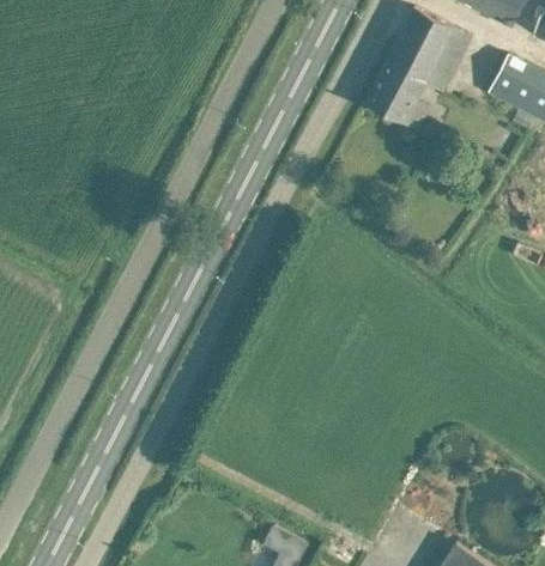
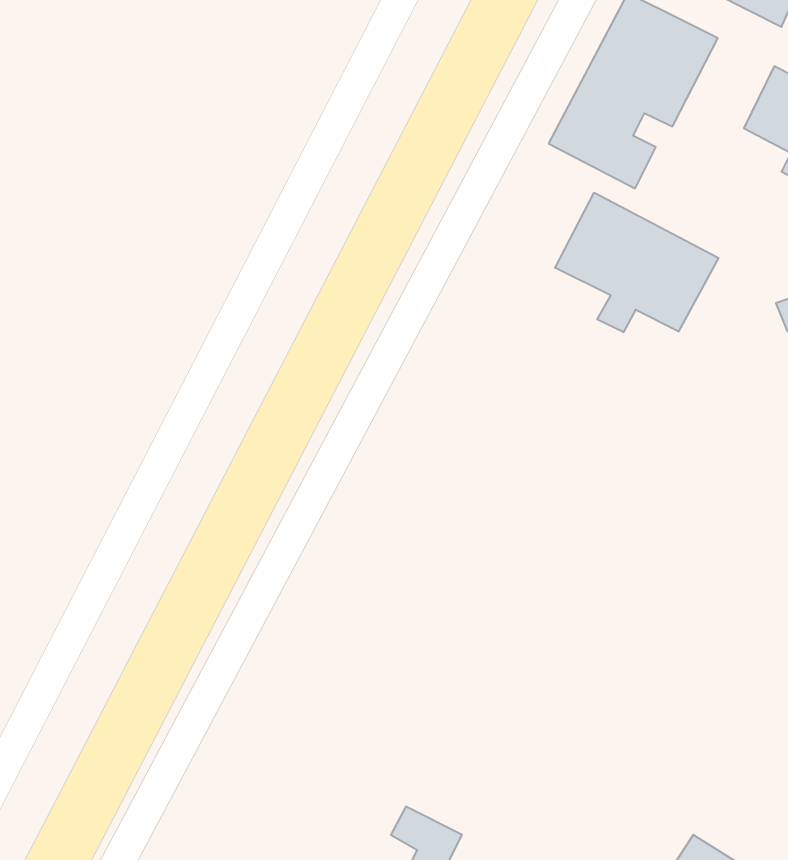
building: none -> [555,193,718,332]

